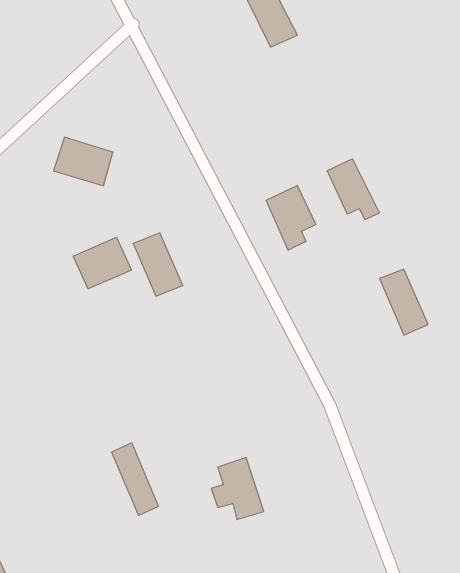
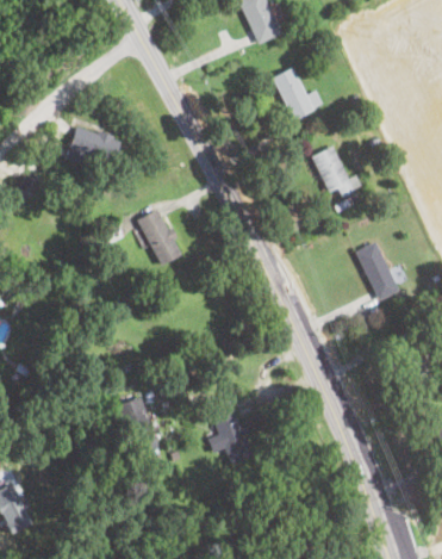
building: none -> [272,69,323,122]
building: [266,185,316,250] -> none
building: [73,237,132,289] -> none

